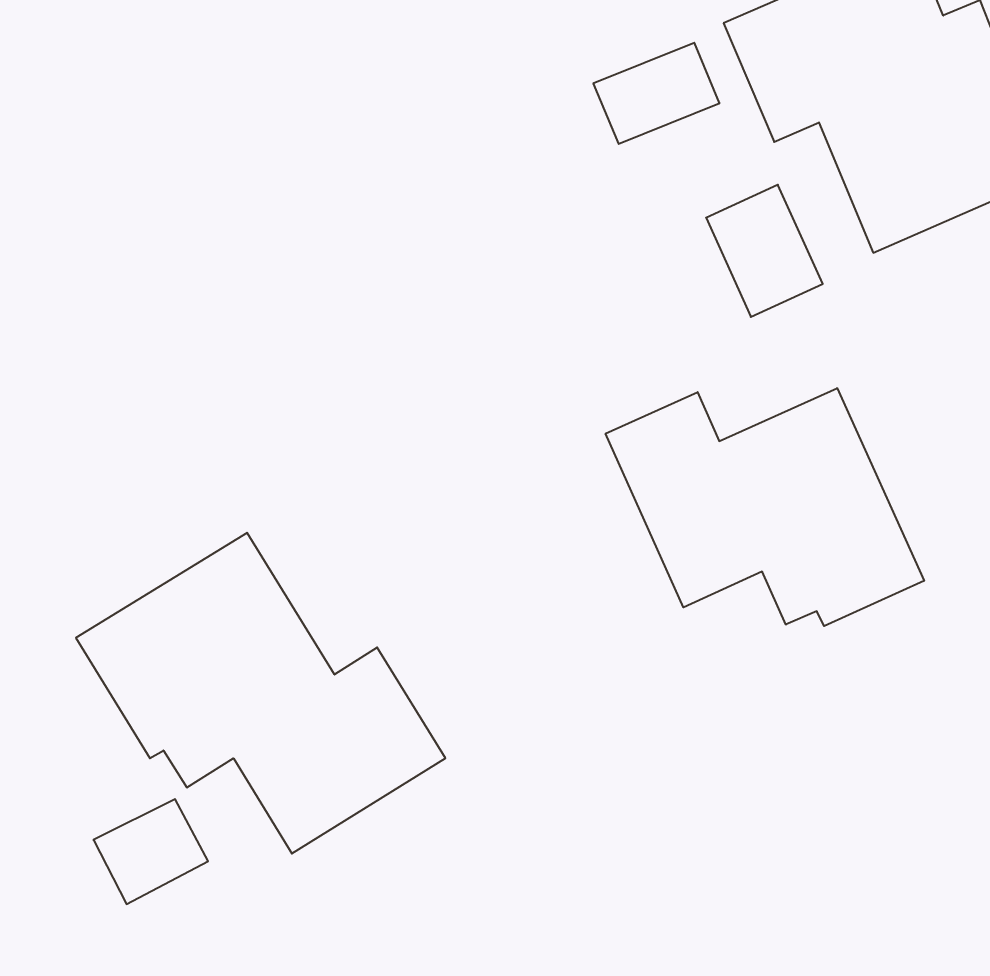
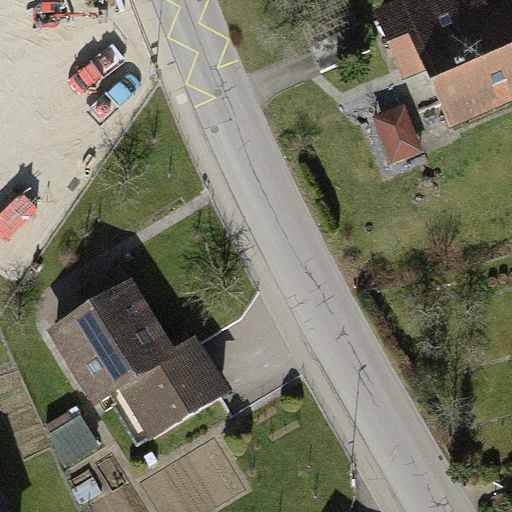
building: [606,388,924,626] -> none

